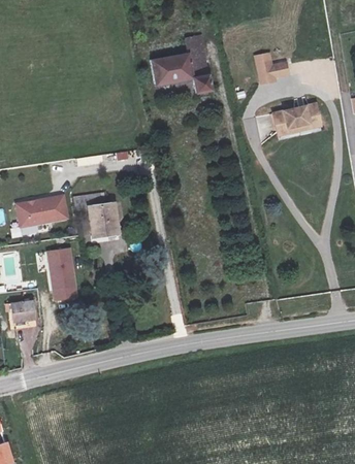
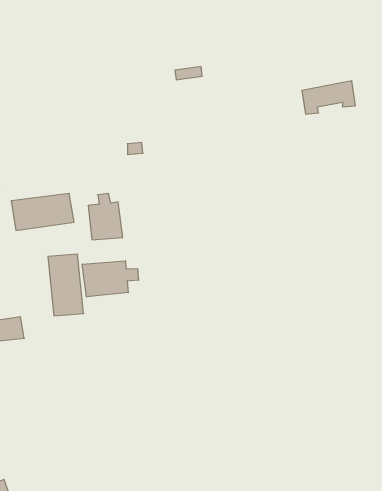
building: [148,39,205,88] -> none
building: [255,52,292,84] -> none
building: none -> [82,261,139,297]

